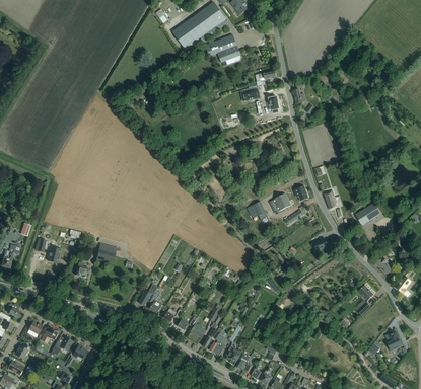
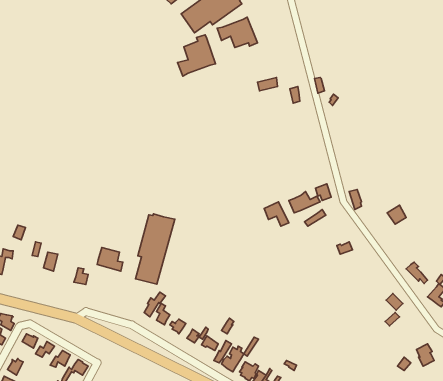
building: none -> [178,35,216,76]
building: none -> [136,214,175,284]

